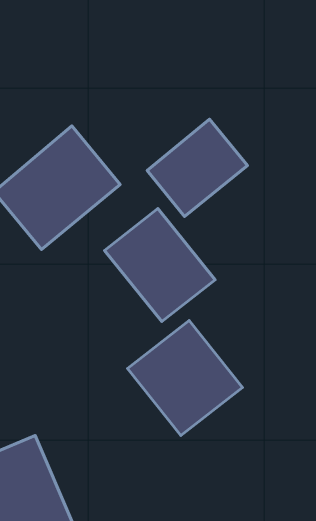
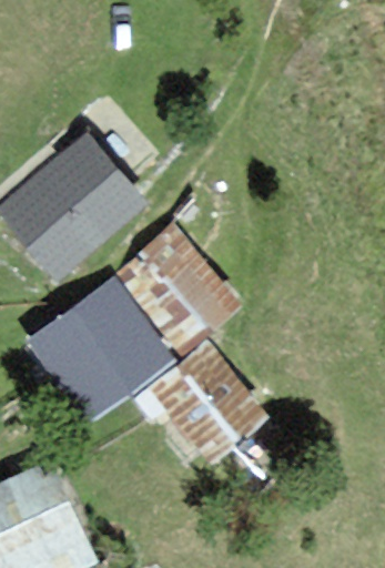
building: [147,119,248,217] -> none
building: none -> [37,283,168,413]

